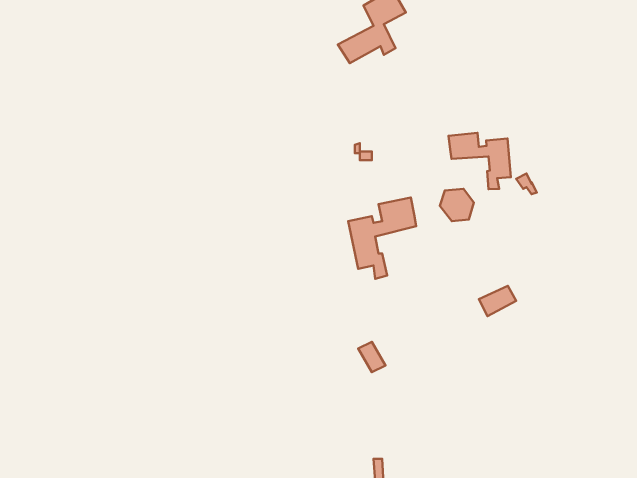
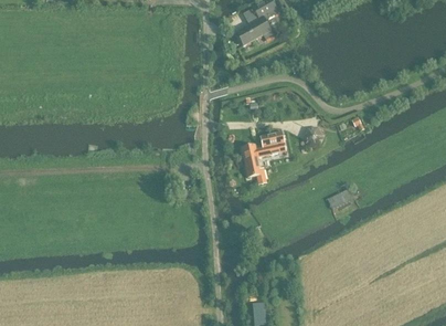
building: [449,133,511,189] -> none

